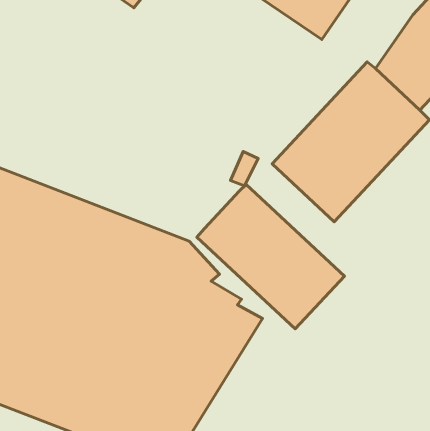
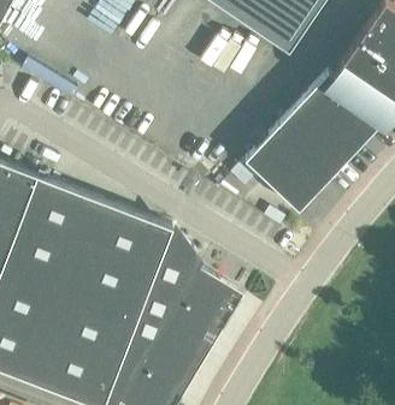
building: [197,184,344,329] -> none

